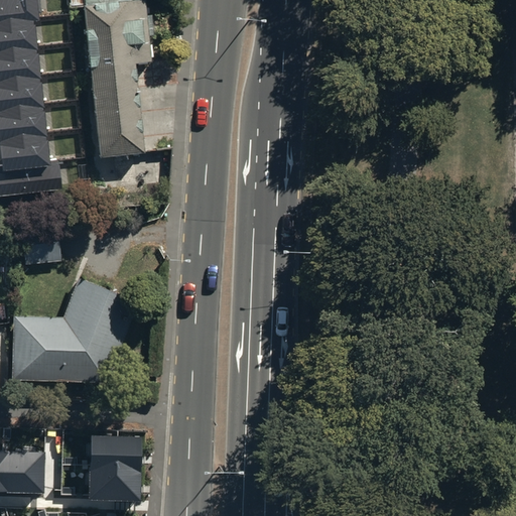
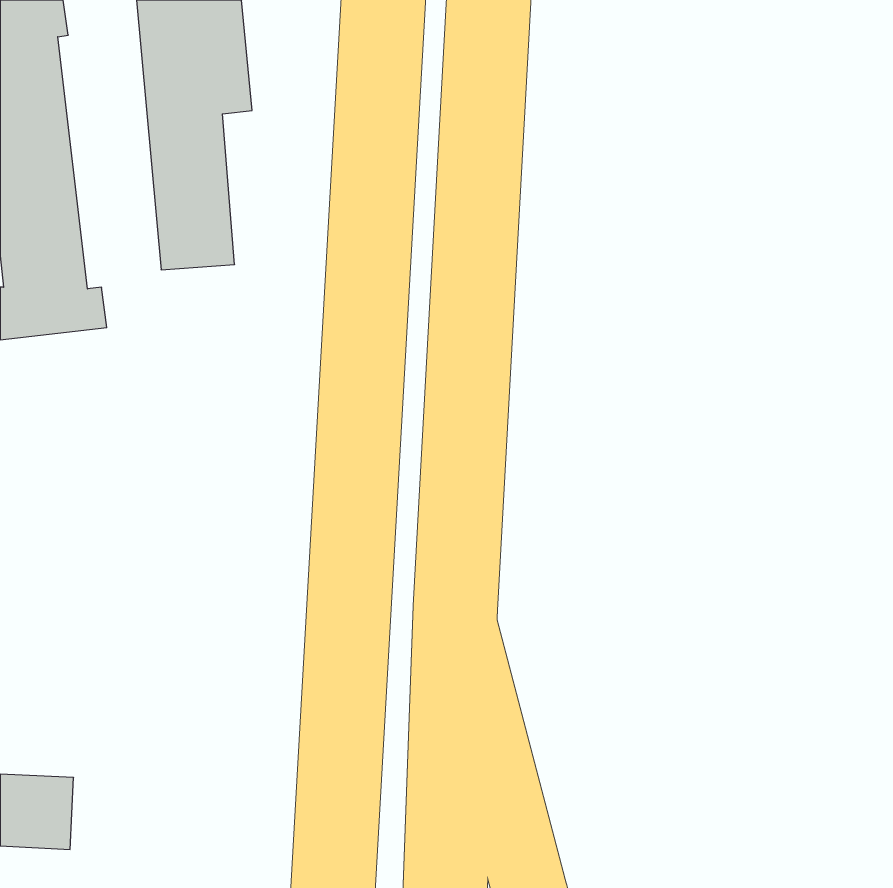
building: [10,276,127,378] -> none
building: [87,430,139,500] -> none

